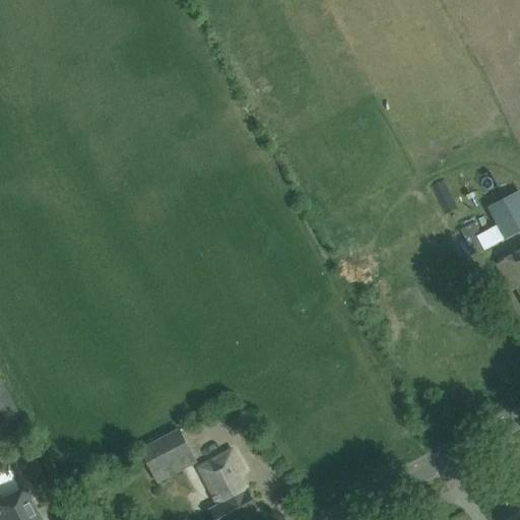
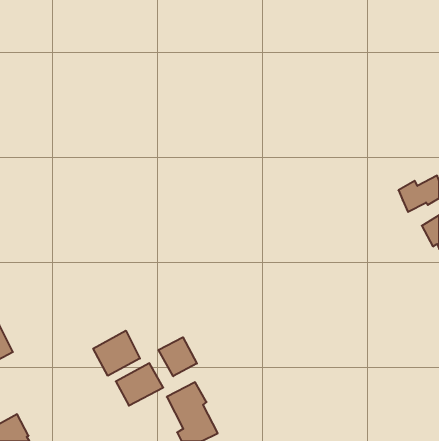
building: none -> [93,331,140,376]
building: none -> [159,337,197,376]

